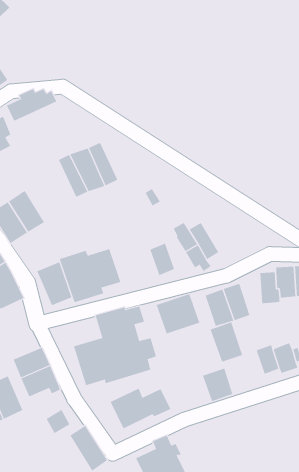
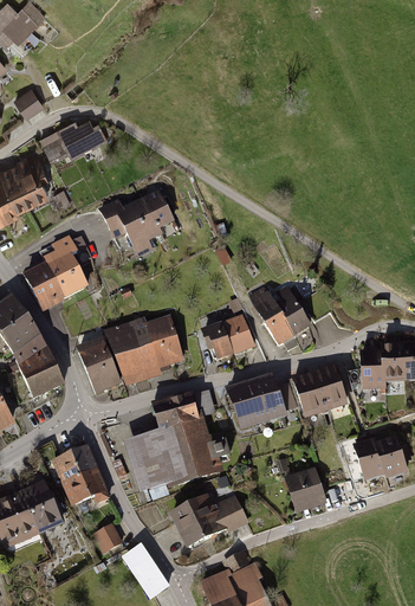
building: none -> [200,321,233,360]
building: [210,322,243,363] -> none

